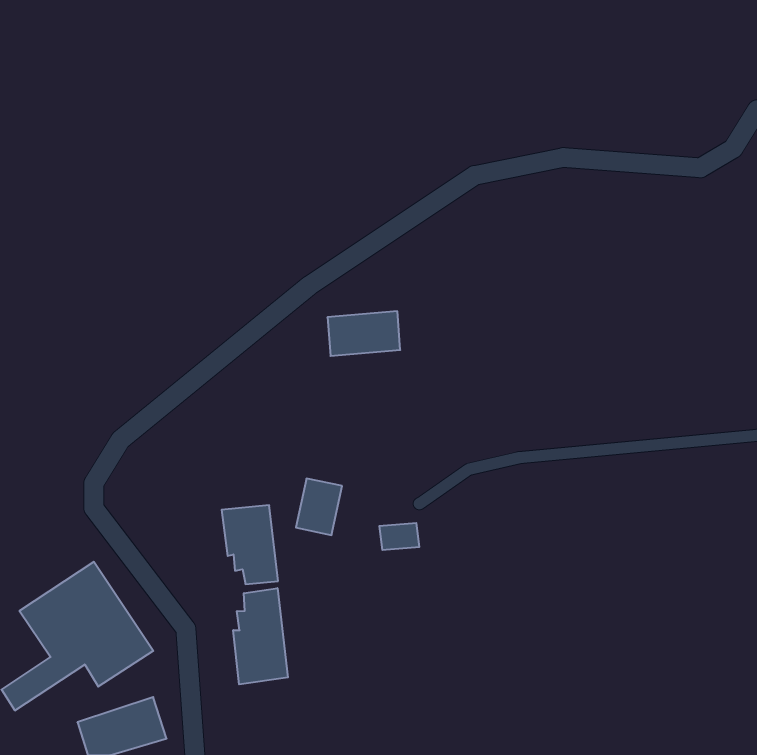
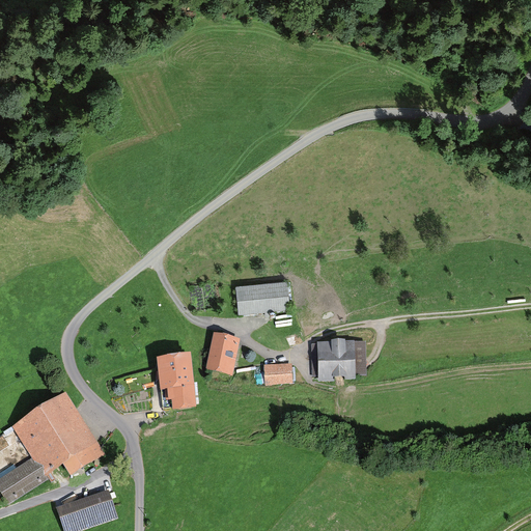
building: [327,311,400,356] -> [237,282,288,313]
building: none -> [314,343,364,376]
building: [233,588,288,684] -> none

